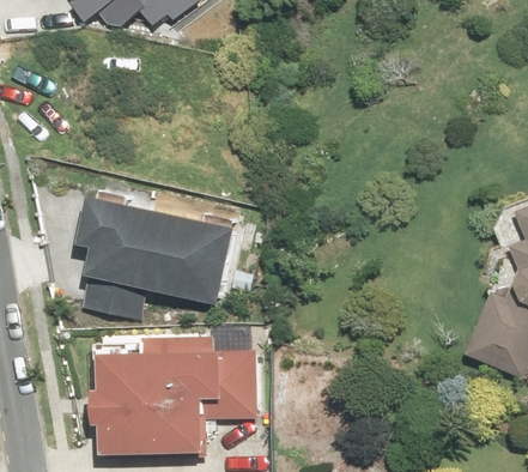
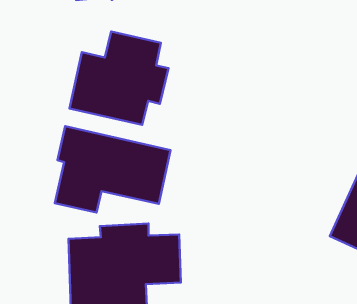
building: none -> [69,32,169,125]

